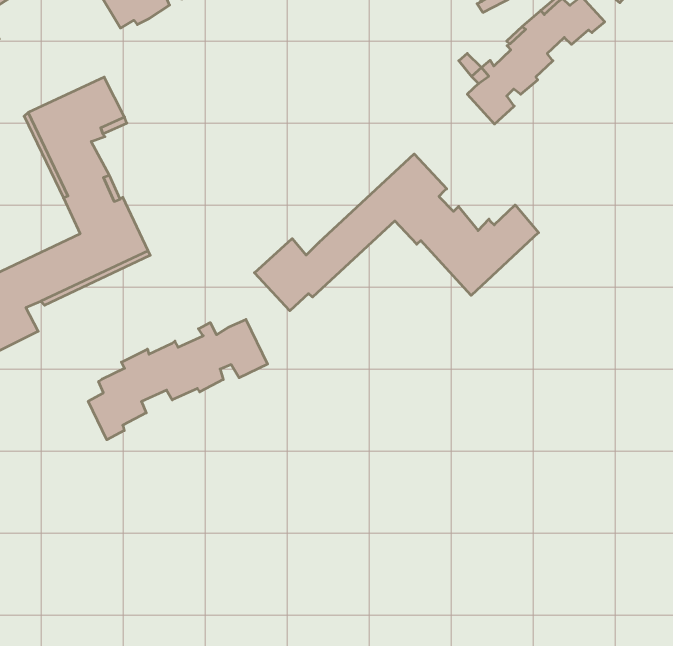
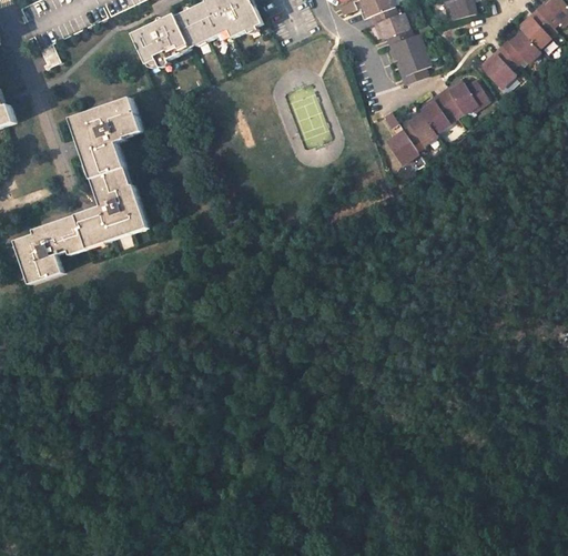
building: [254,154,539,311] -> none
building: [88,319,268,440] -> none

